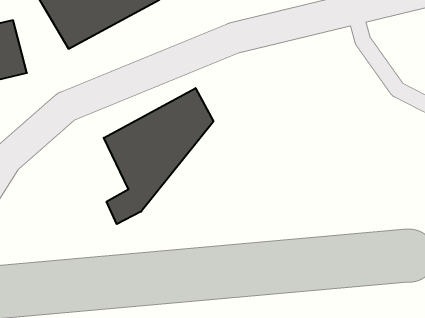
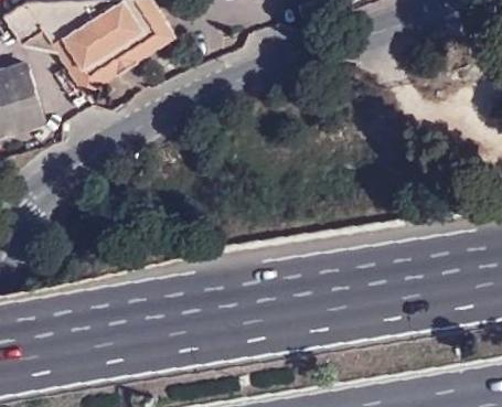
building: [104,88,213,224] -> none

